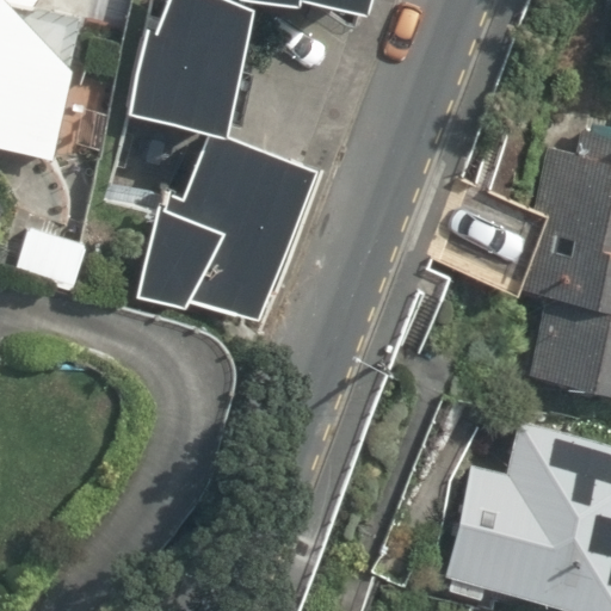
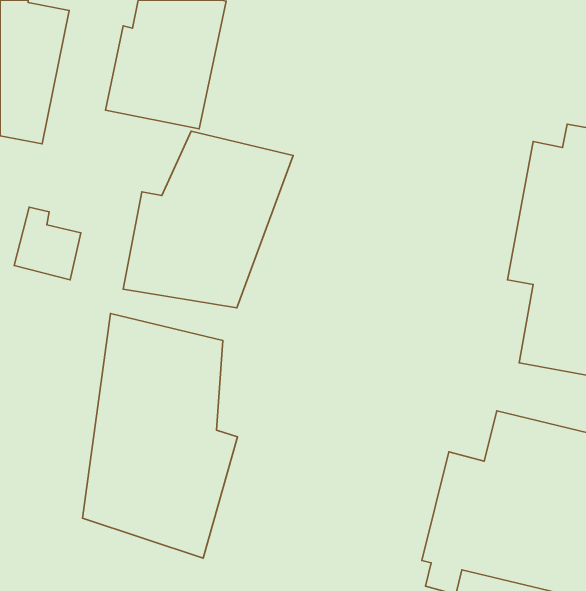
building: none -> [83,314,238,558]

